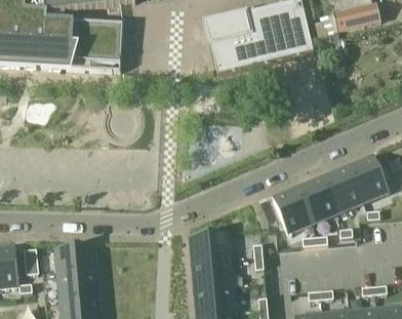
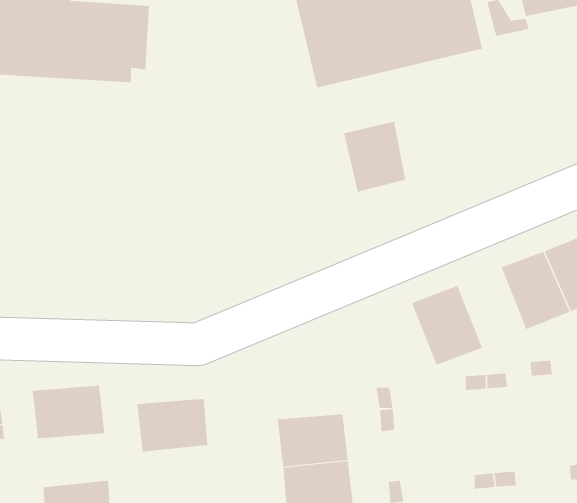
building: none -> [343,121,406,192]
building: [298,174,337,221] -> none
building: [191,230,233,262] -> none
building: [57,270,98,301] -> [137,399,208,452]

